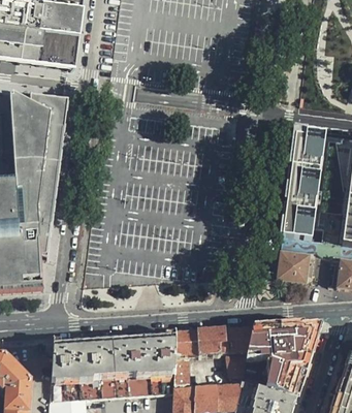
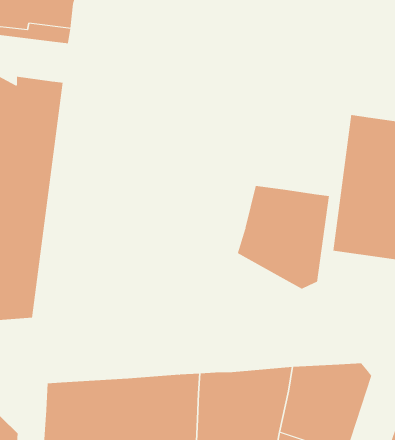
building: none -> [237,185,329,290]
building: [277,252,309,282] -> none

